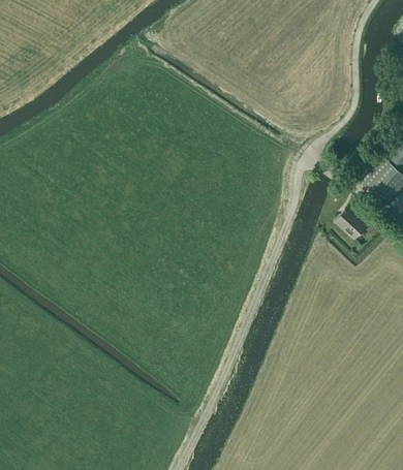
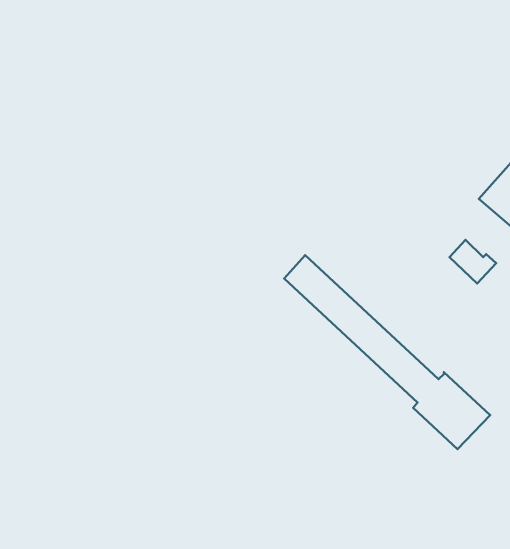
building: none -> [284,255,490,449]

